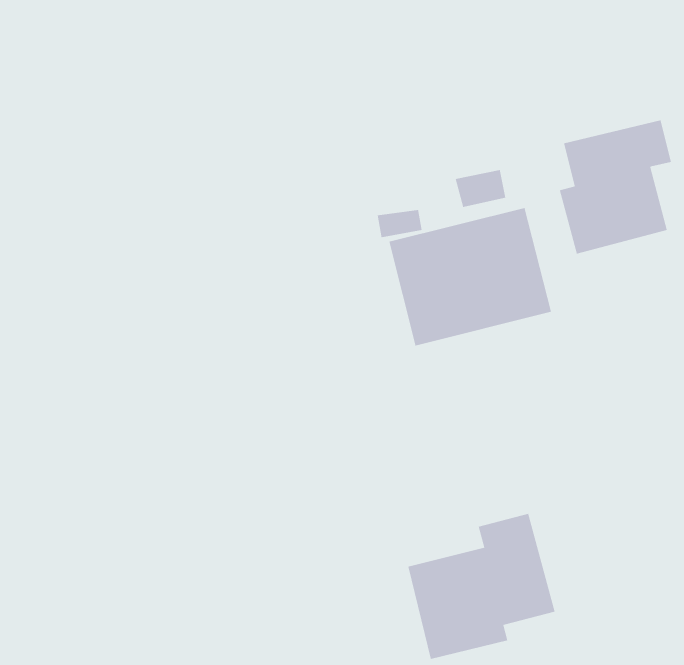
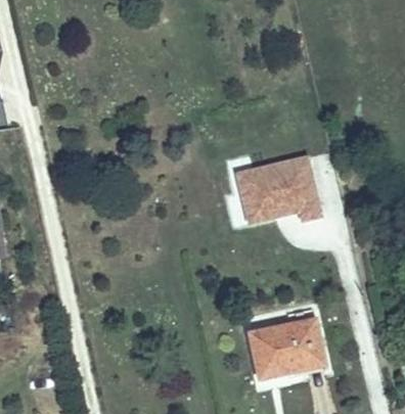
building: [559,119,672,254] -> none

